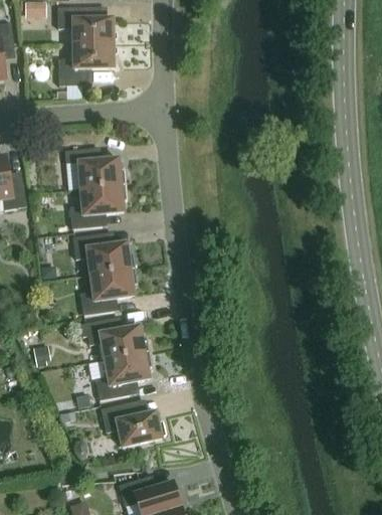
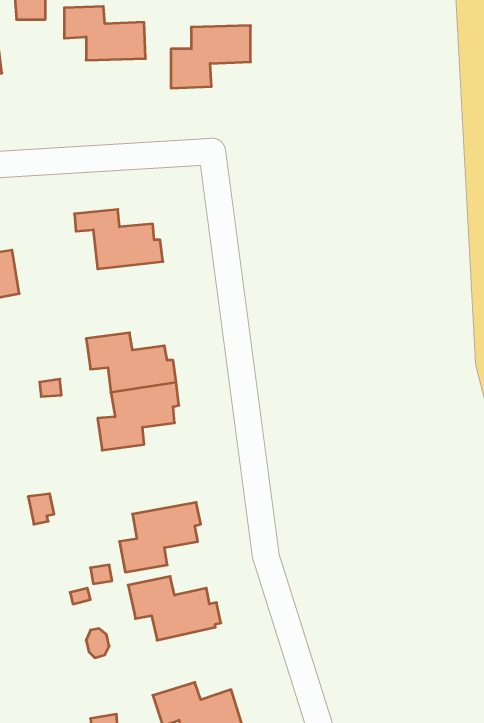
building: [58,43,114,87] -> [171,26,251,88]
building: [69,184,127,228] -> none
building: [80,318,149,359] -> none

